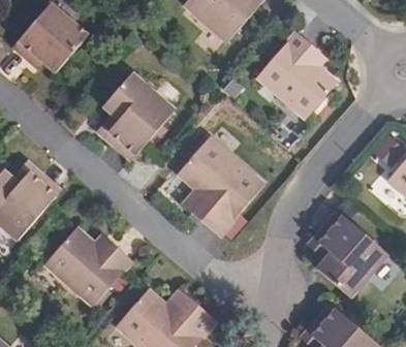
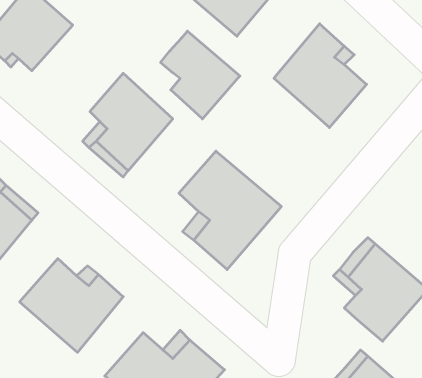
building: none -> [161,31,240,119]

